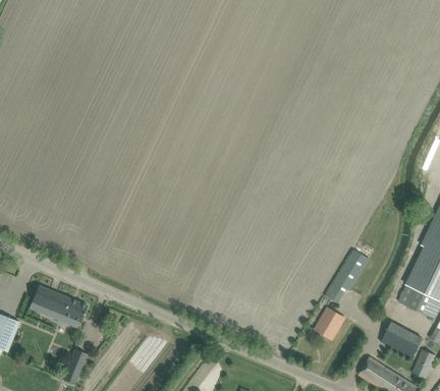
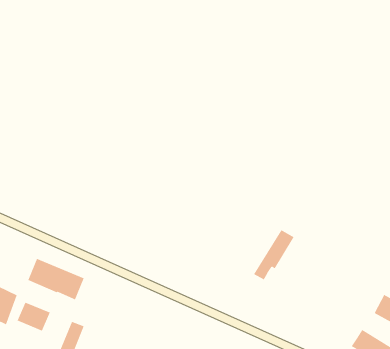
building: [326,249,368,301] -> [253,229,294,280]
building: [314,305,344,338] -> none
building: none -> [17,302,50,331]

